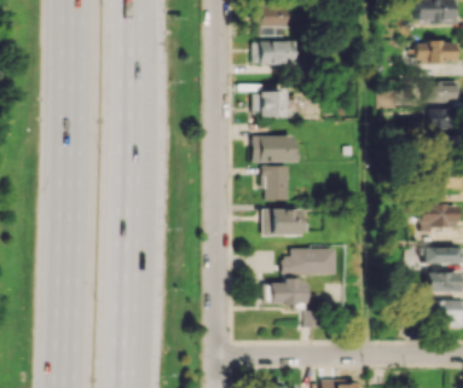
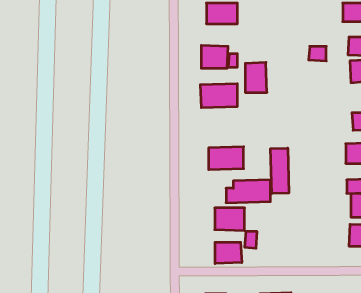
building: [264,166,289,201] -> [245,62,267,92]
building: none -> [271,148,289,194]
building: none -> [215,242,242,264]

